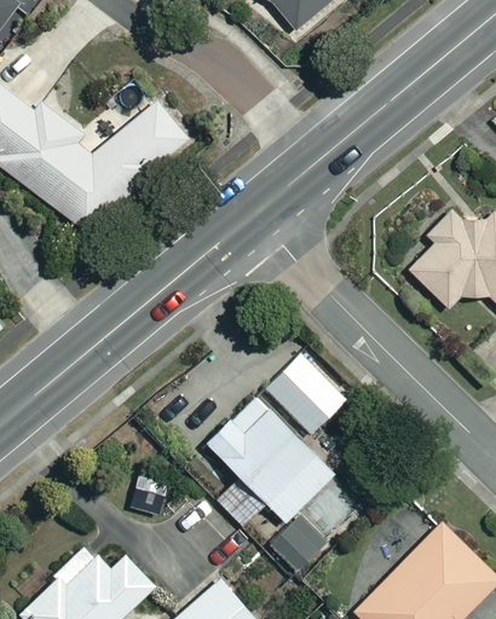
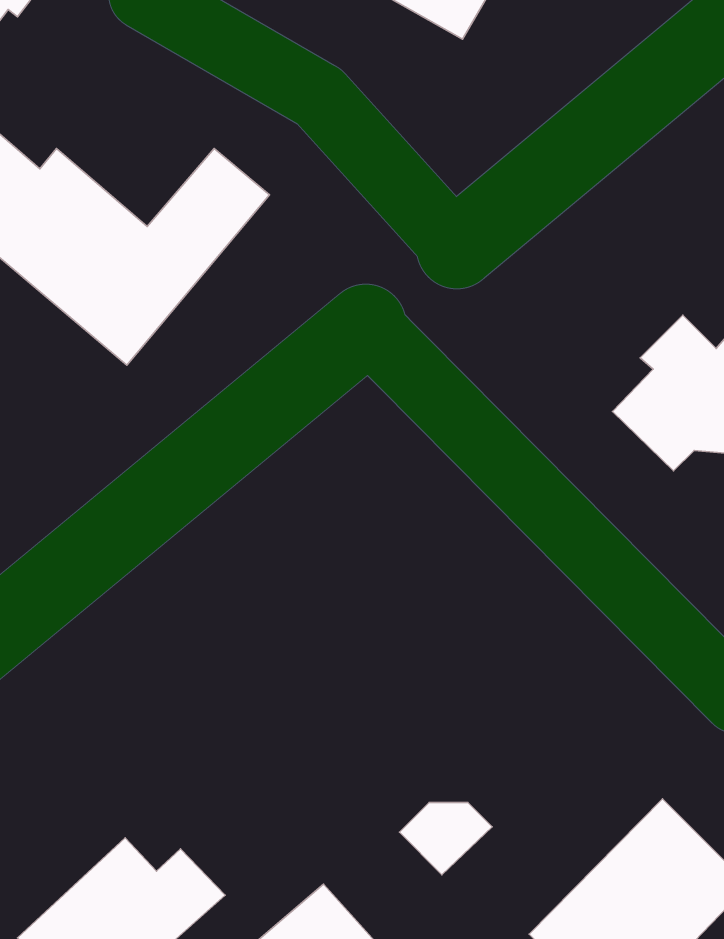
building: [266,353,347,435] -> none
building: [208,397,334,522] -> none

